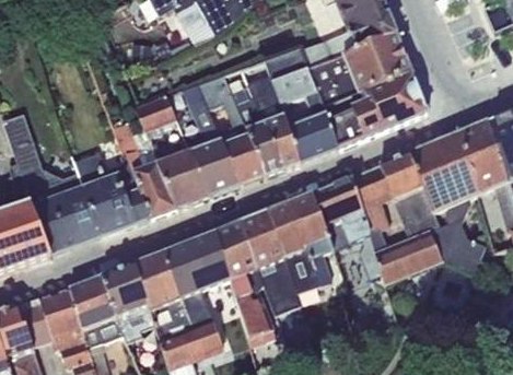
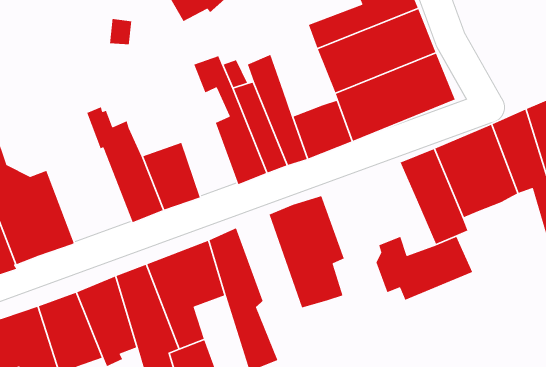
building: [264,44,326,116] -> none
building: [182,81,241,196] -> none
building: [133,94,176,136] -> none
building: [73,151,150,235] -> none
building: [313,165,394,248] -> none
building: [429,200,485,272] -> none
building: [240,210,299,314] -> none

